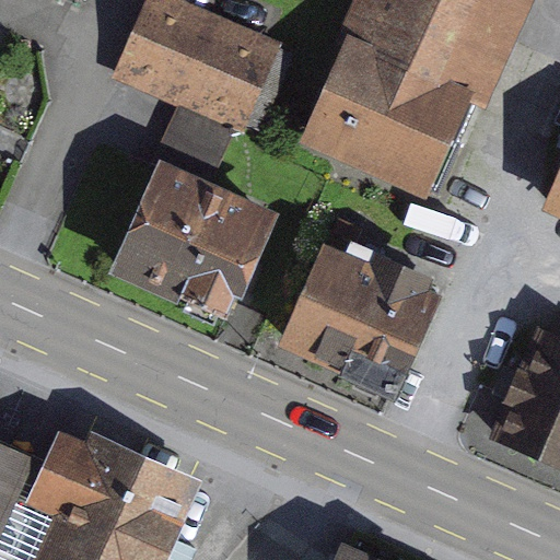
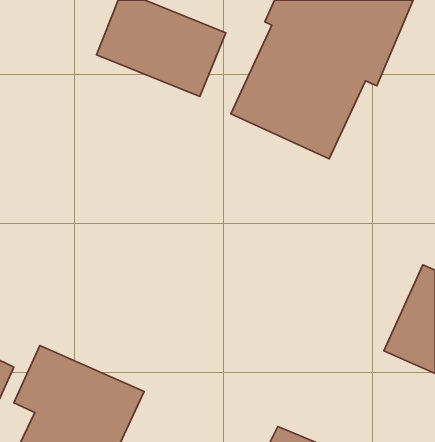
building: [125,153,289,323] -> none
building: [290,210,455,375] -> none

